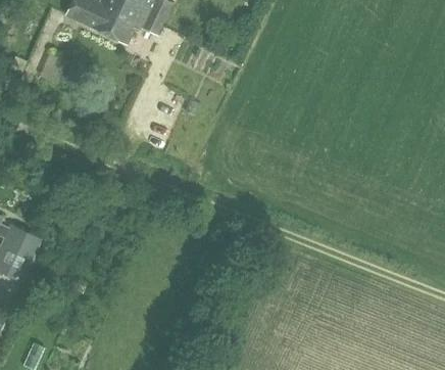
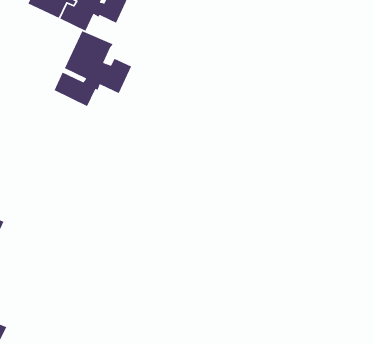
building: none -> [54,30,132,107]

